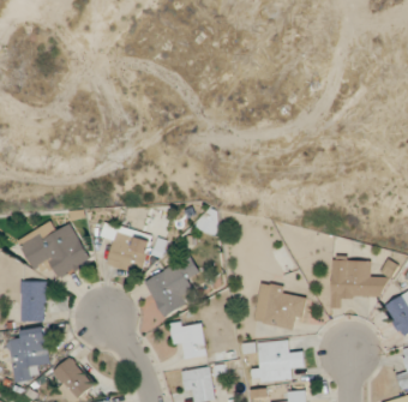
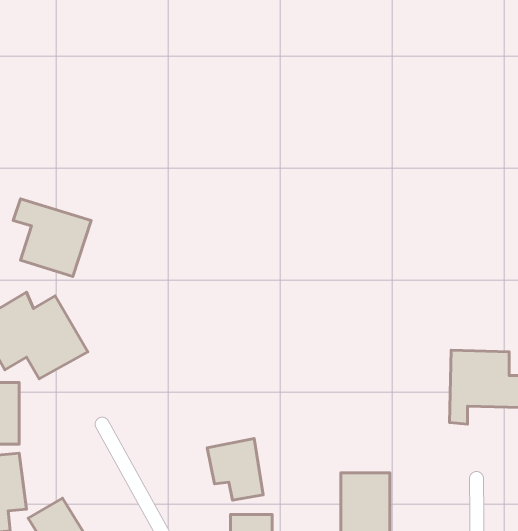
building: [100,222,151,274] -> [13,199,91,276]
building: [143,257,198,317] -> none
building: [252,282,305,330] -> none

